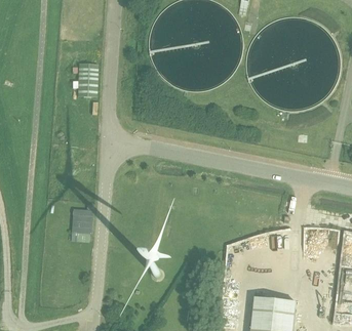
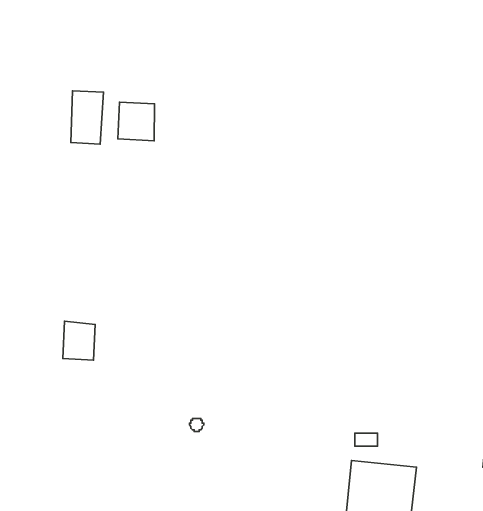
building: none -> [118,102,154,141]

